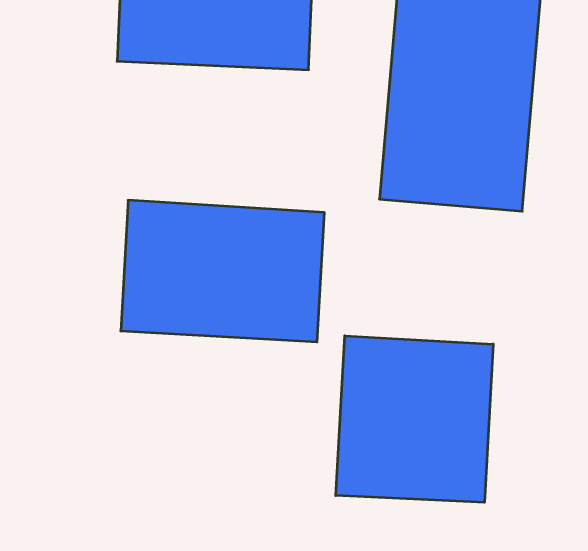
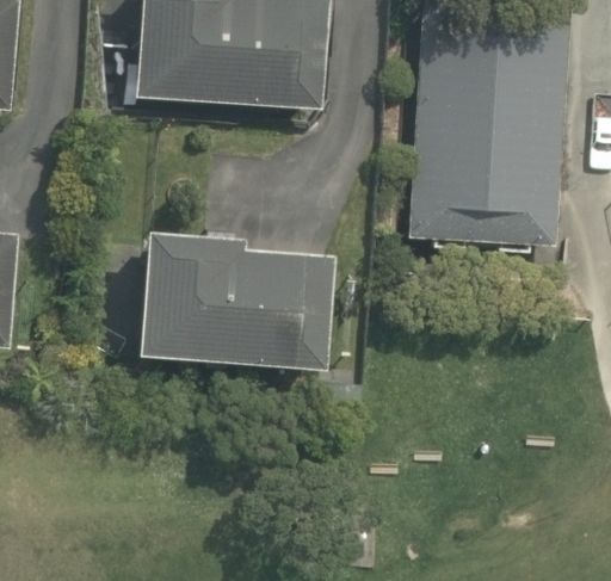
building: [336,336,493,502] -> none

